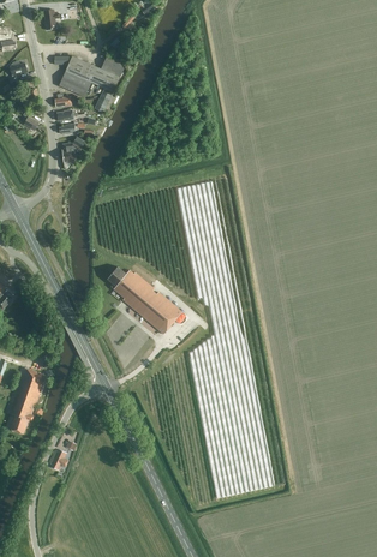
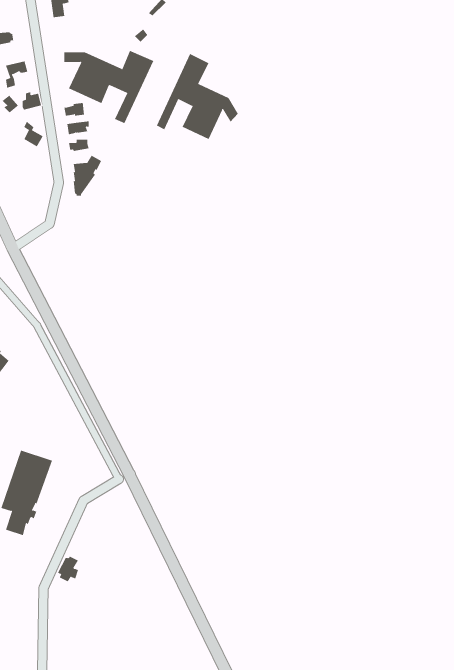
building: none -> [156,53,239,140]
building: [108,266,182,334] -> none

